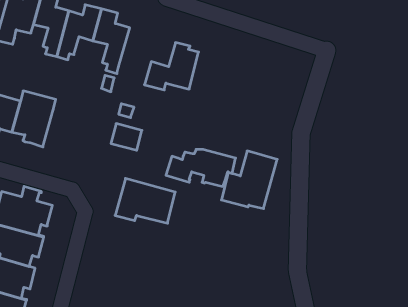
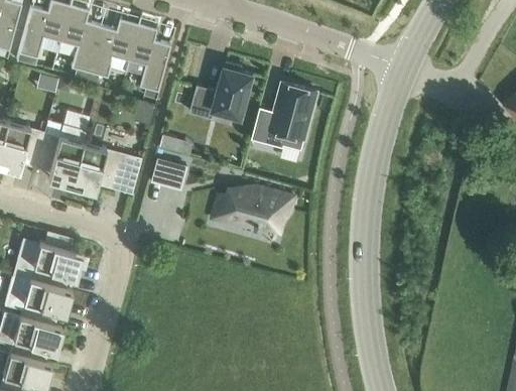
building: [221,151,277,209] -> [252,82,317,149]
building: [115,178,175,223] -> [71,141,141,193]

